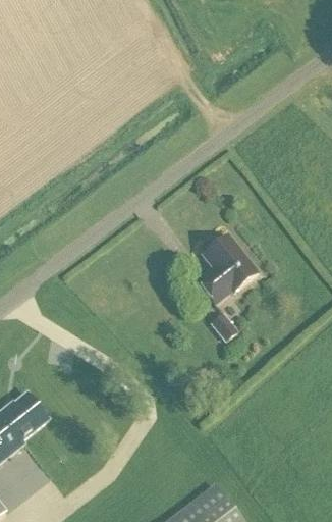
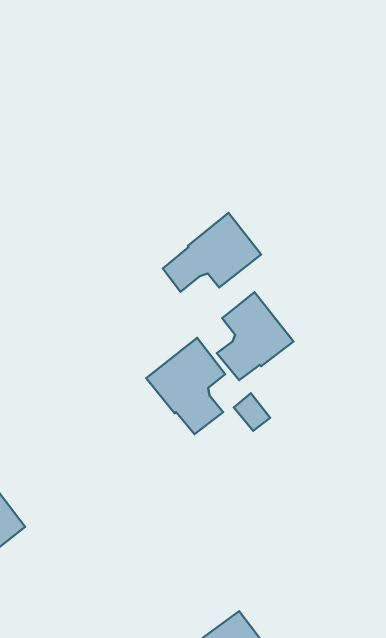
building: none -> [163,213,261,292]
building: none -> [146,338,225,434]

